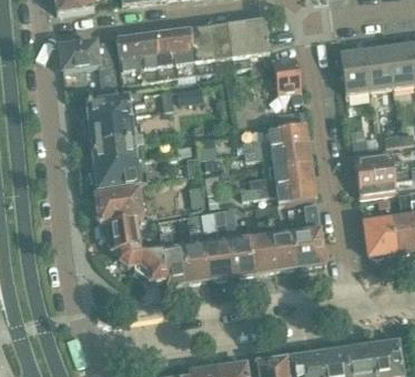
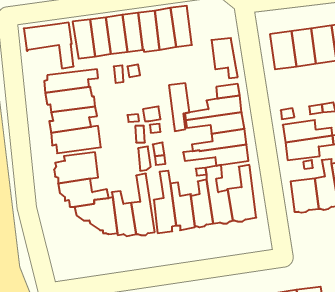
building: [245,18,269,72] -> [169,83,189,131]

